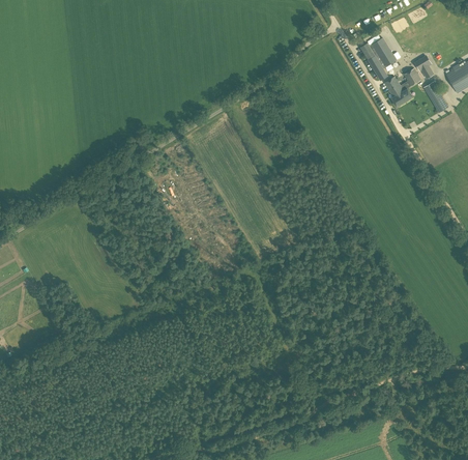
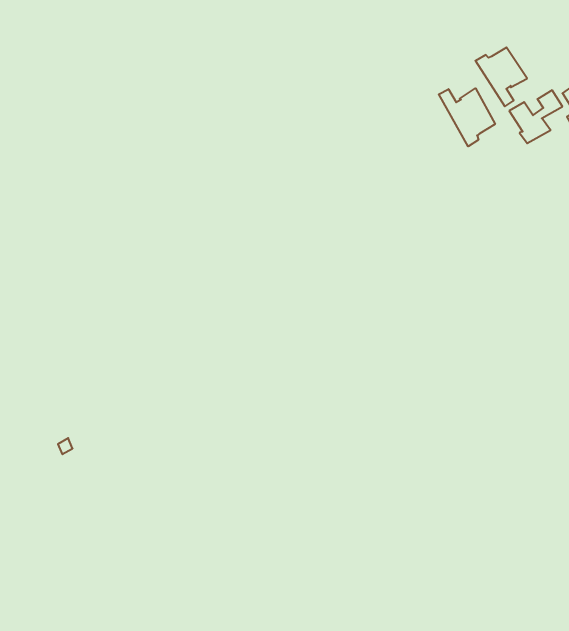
building: none -> [439,88,495,146]

